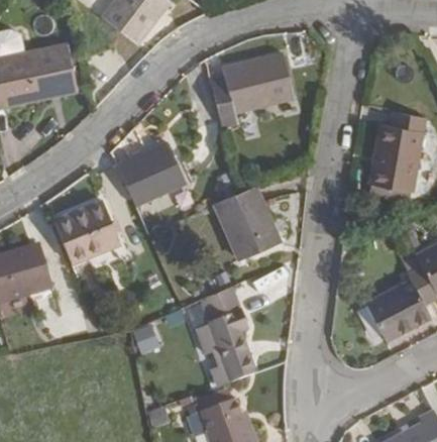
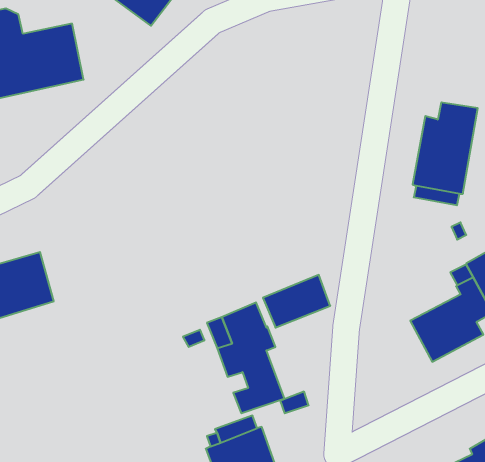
building: [210,53,294,129] -> none
building: [116,142,187,206] -> none
building: [214,187,280,260] -> none
building: [54,200,120,263] -> none

